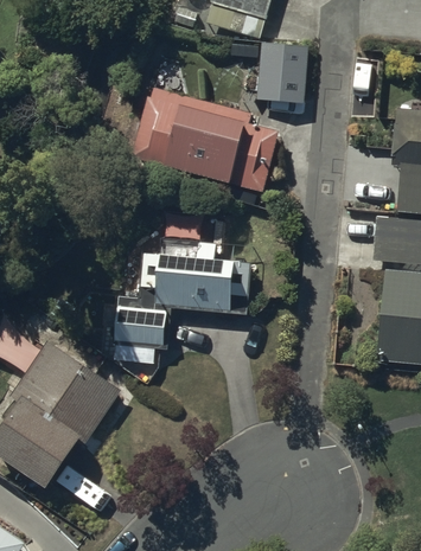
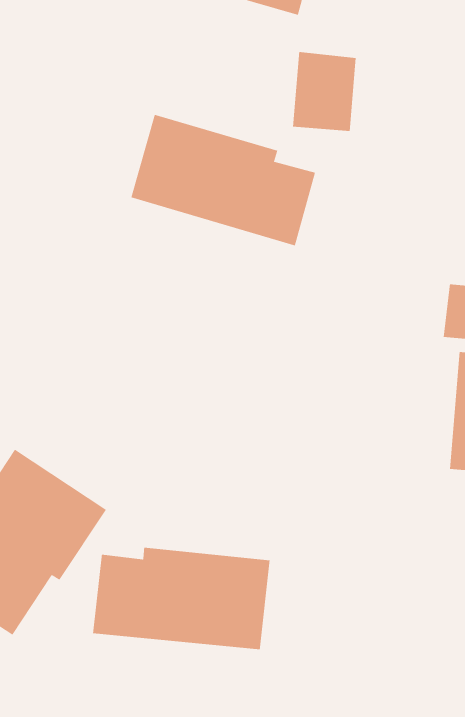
building: [109,236,253,345] -> none
building: none -> [92,547,270,650]

